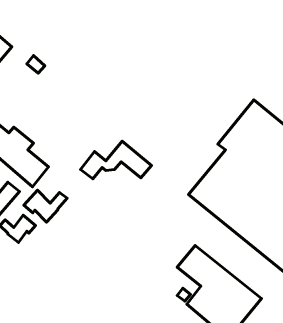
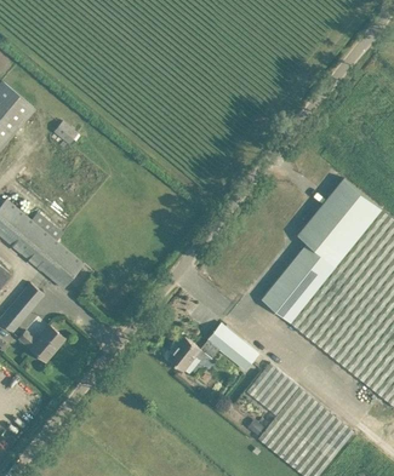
building: [80,141,151,179] -> [167,322,258,371]
building: [24,190,67,222] -> none

